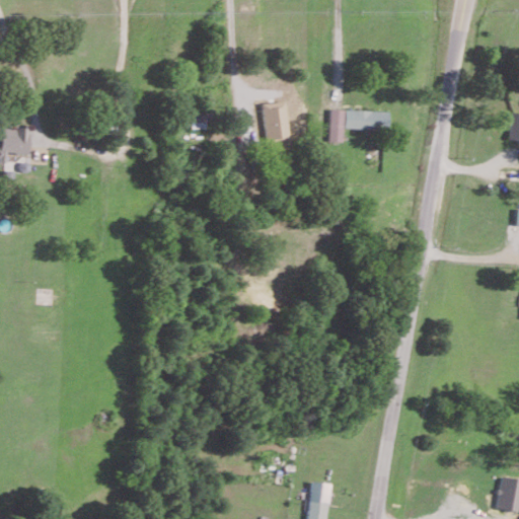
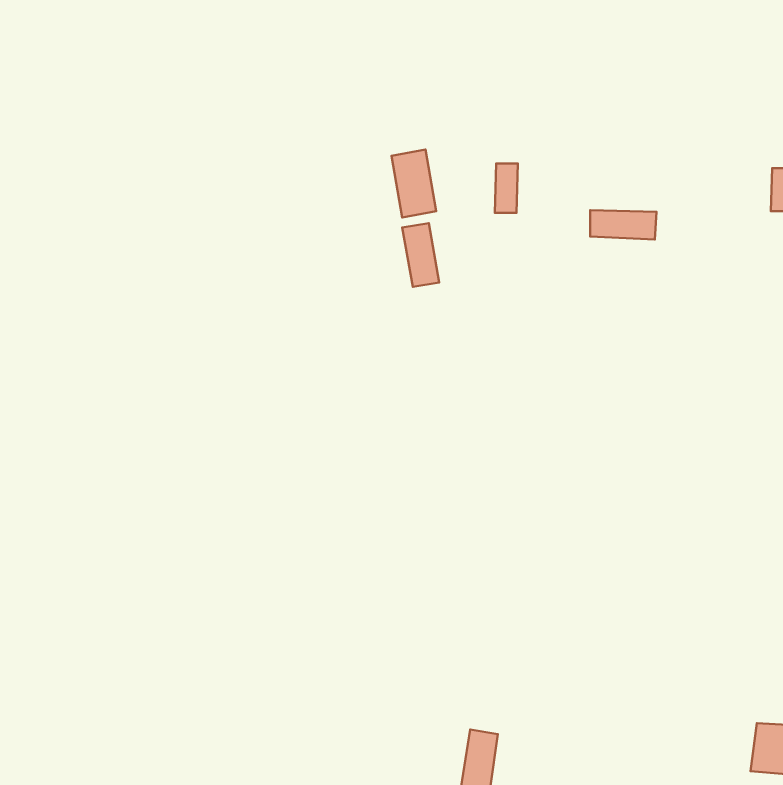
building: [345,110,388,130] -> [590,210,656,240]
building: none -> [402,223,439,287]

